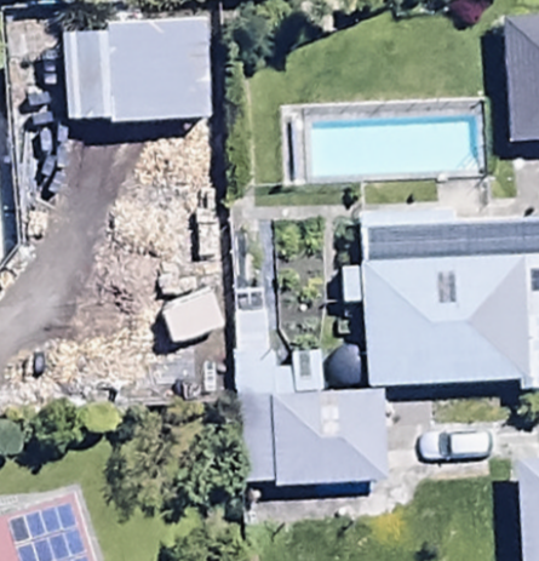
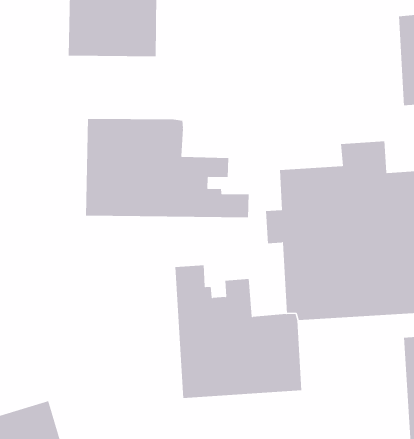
building: none -> [85,118,249,218]

